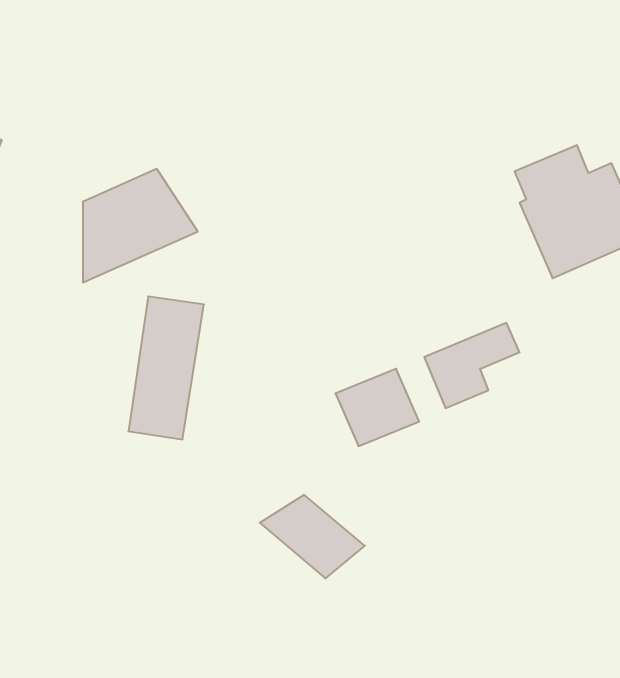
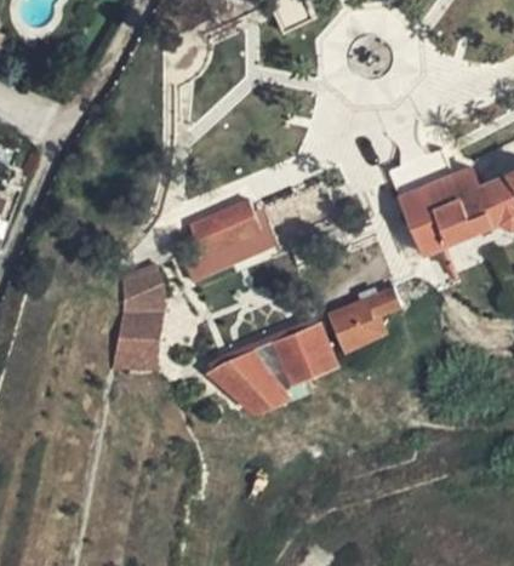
building: [83,169,198,282] -> [195,201,280,285]
building: [260,495,365,579] -> [205,351,282,413]

